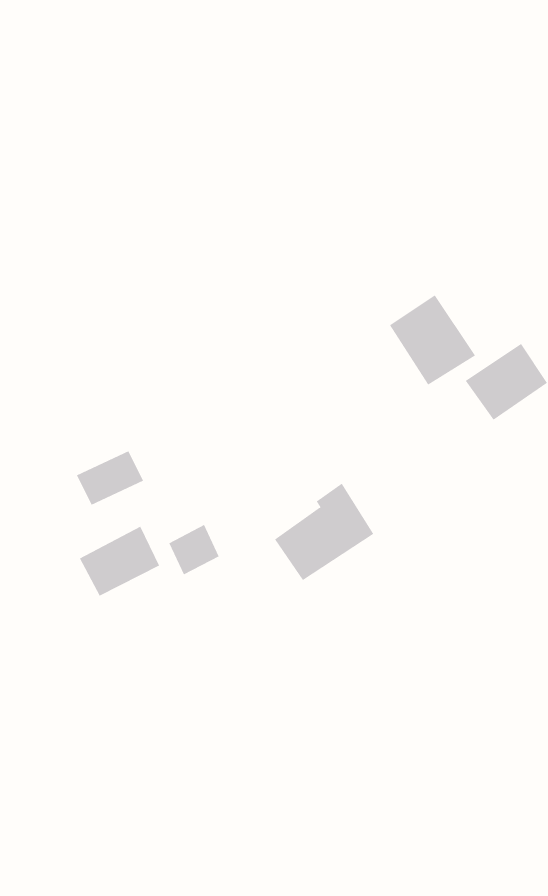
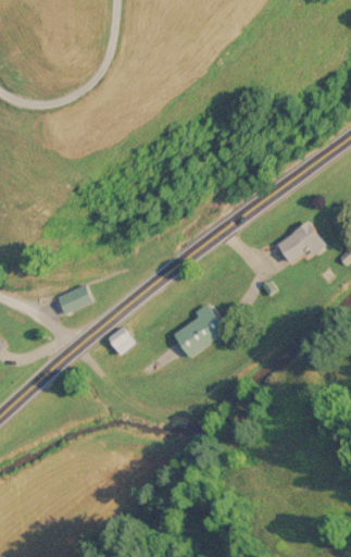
building: [389,294,476,386] -> none
building: [79,526,160,597] -> none

